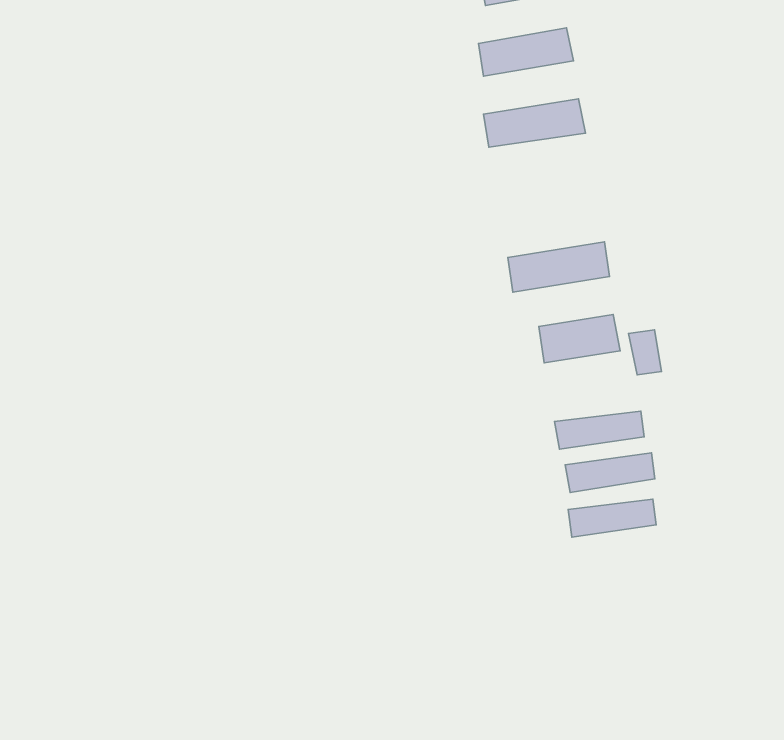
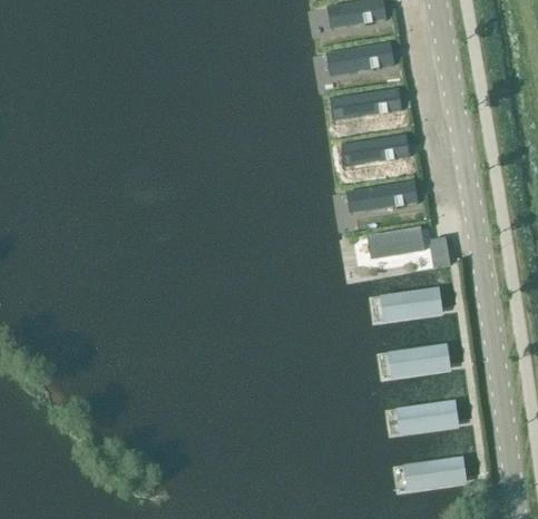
building: none -> [346,135,409,166]
building: [565,453,655,493] -> [397,403,454,429]
building: none -> [405,460,463,484]

